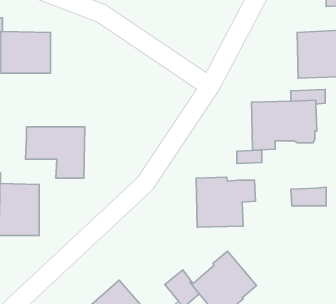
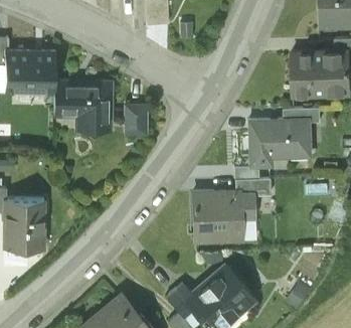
building: none -> [126,108,145,135]
building: [25,127,85,178] -> [53,84,111,133]
building: [291,187,326,206] -> [234,178,269,196]

